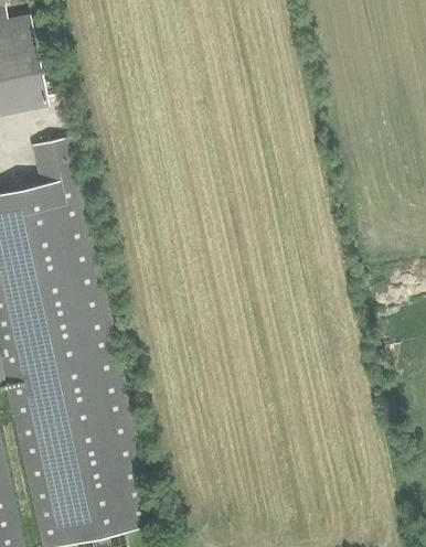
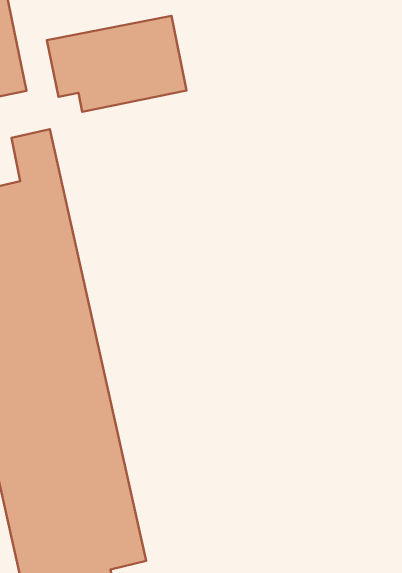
building: none -> [47,16,187,112]

